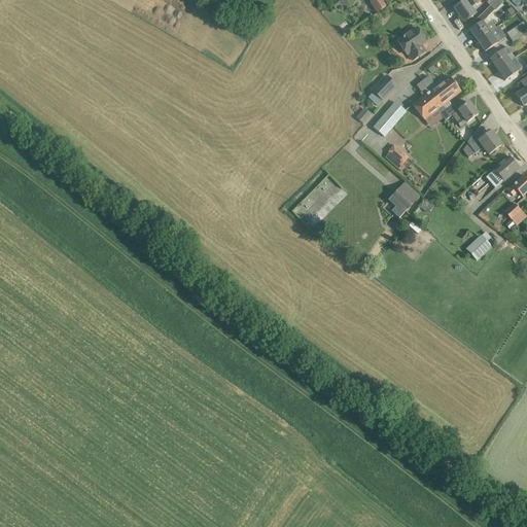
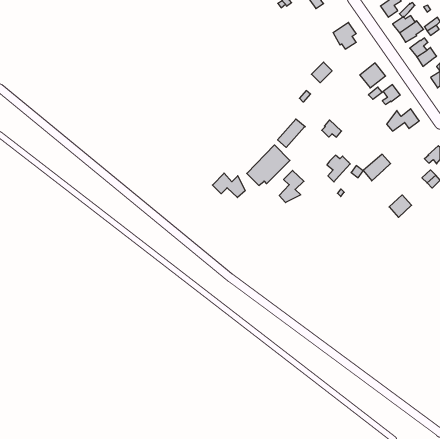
building: [411,90,442,119] -> none
building: [373,101,406,135] -> [278,119,305,147]
building: [485,155,518,187] -> [363,154,391,181]
building: none -> [279,170,304,203]
building: none -> [212,173,245,198]

